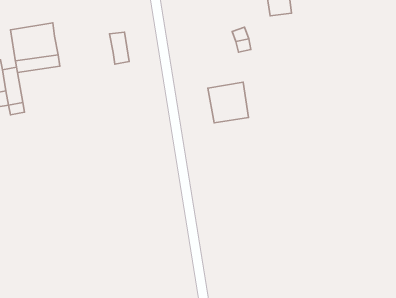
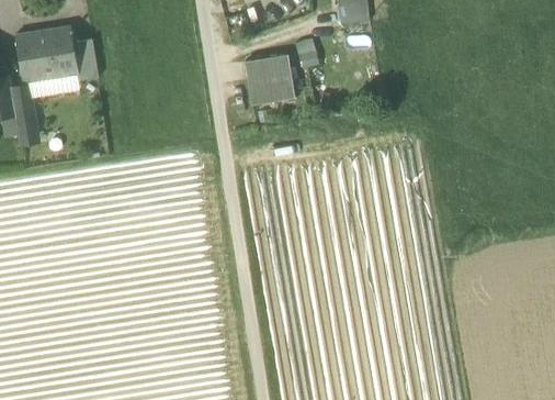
building: [110,32,129,64] -> [75,45,99,85]
building: [208,82,249,123] -> [243,53,294,103]

